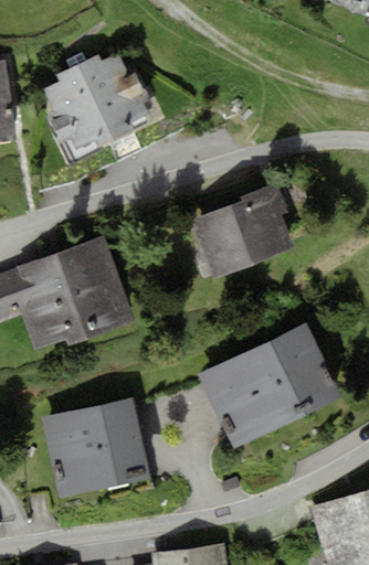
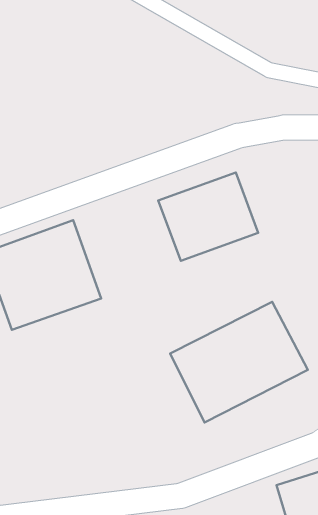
building: [44,51,156,152] -> none
building: [41,396,148,497] -> none

